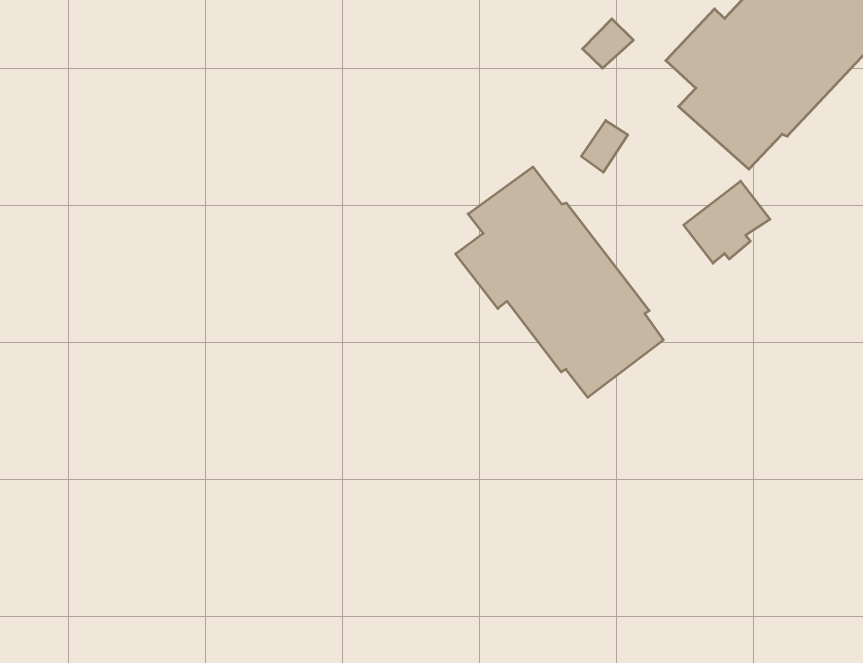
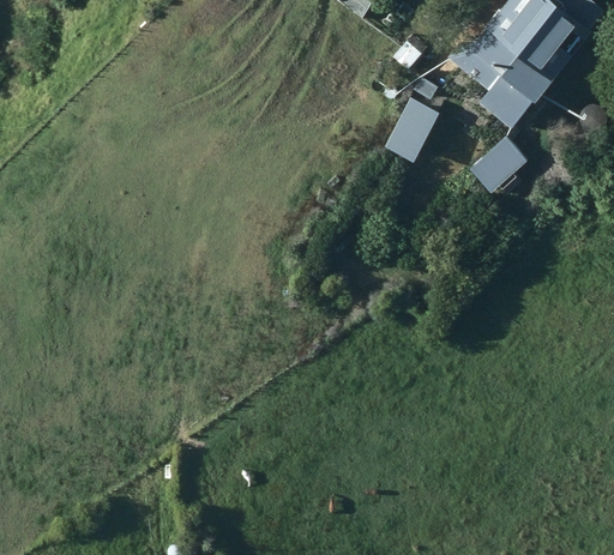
building: [456,167,663,397] -> none

